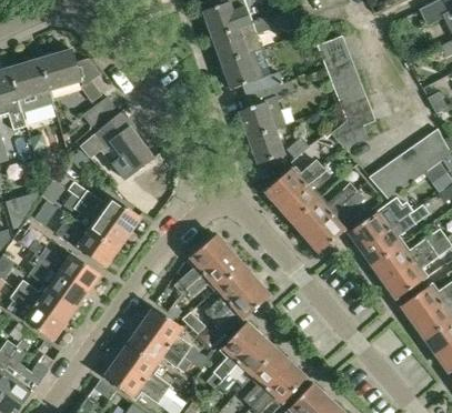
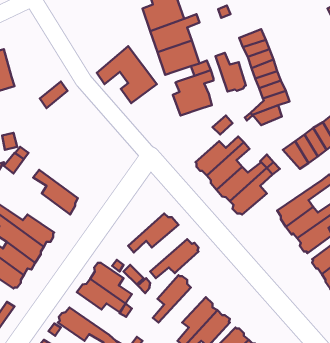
building: [41,50,101,102] -> none
building: none -> [215,53,246,92]
building: [83,113,153,180] -> [97,46,157,103]
building: [248,128,282,163] -> none
building: [69,182,141,233] -> none
building: [349,199,413,248] -> none
building: [58,223,119,265] -> none
building: [175,235,229,293] -> none
building: [205,264,255,319] -> none
building: [222,338,278,386] -> none
building: [118,343,170,393] -> none

